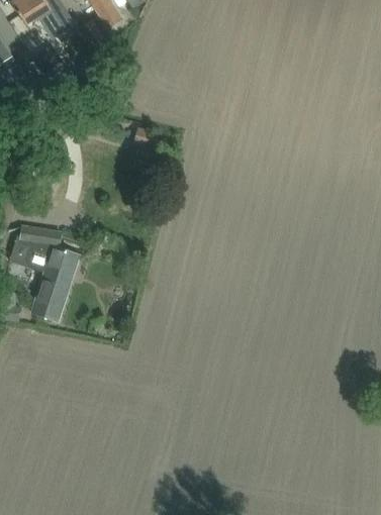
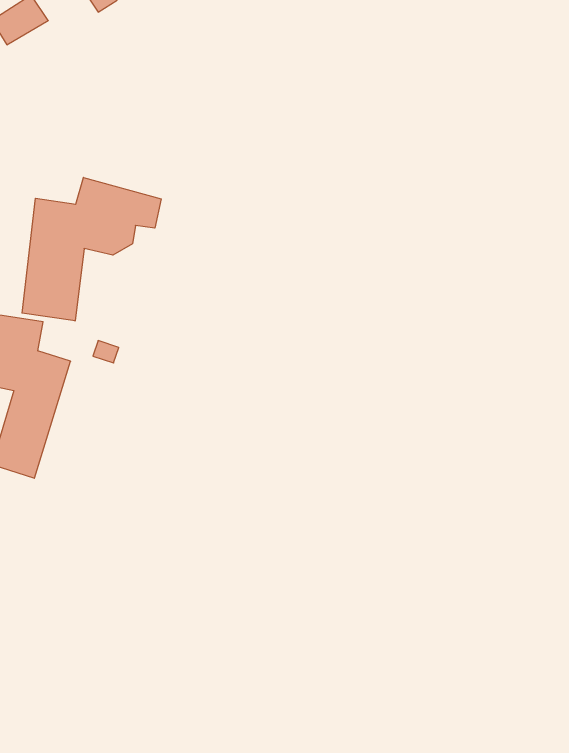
building: none -> [22,177,161,321]

